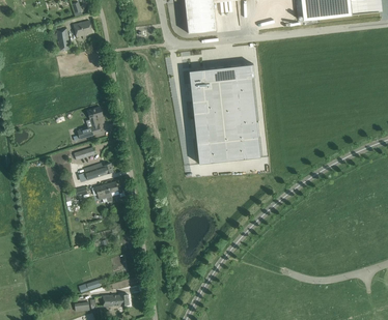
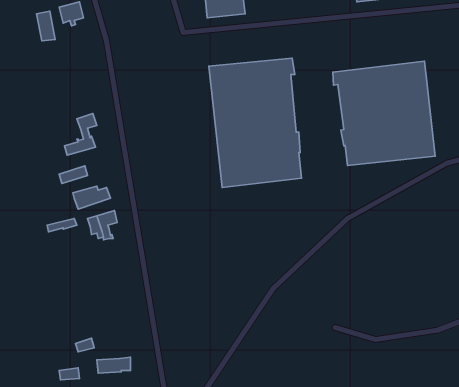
building: none -> [333,61,435,165]

